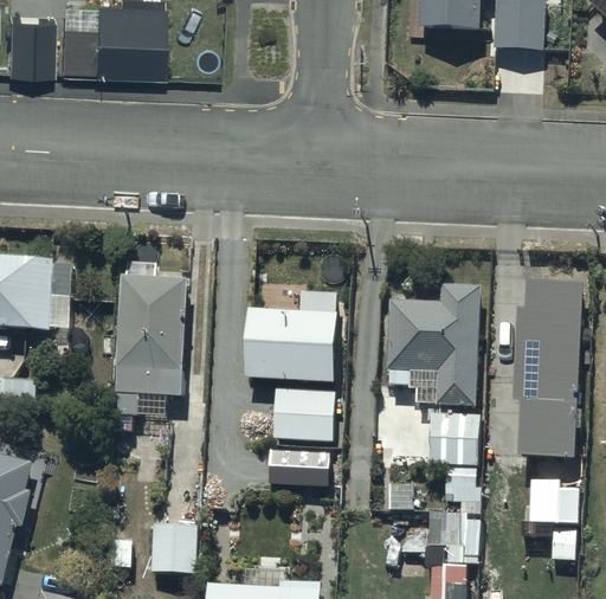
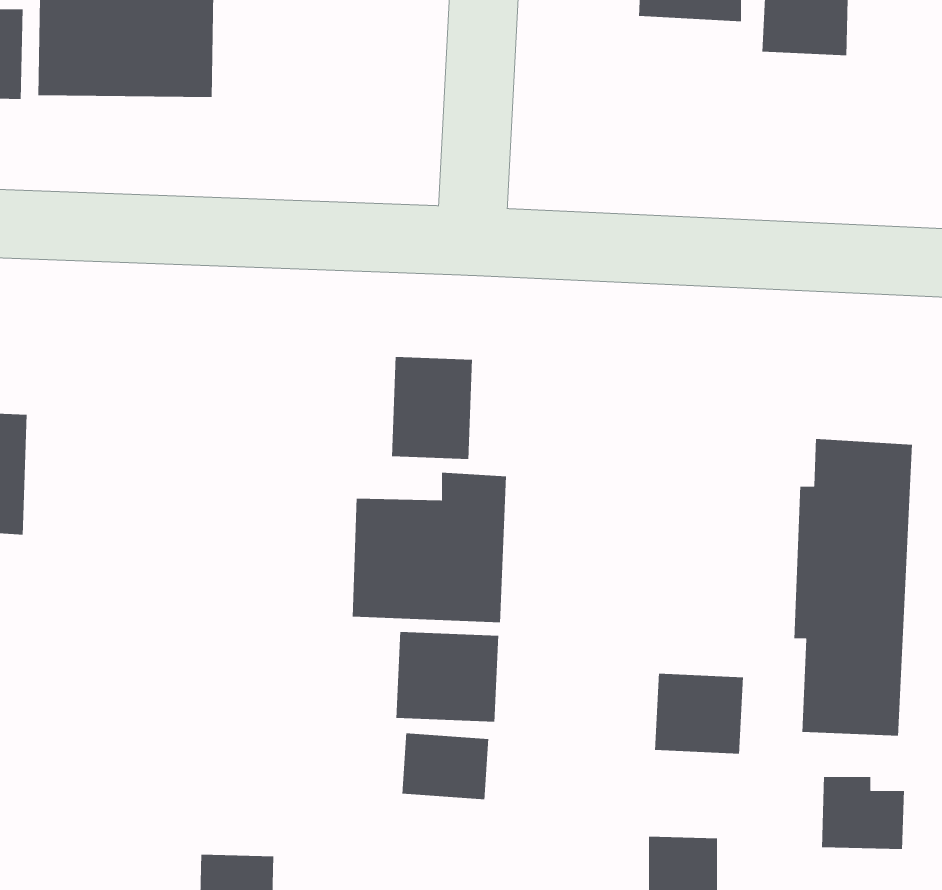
building: none -> [391,356,473,460]
building: [118,279,188,398] -> none
building: [385,288,479,408] -> none

